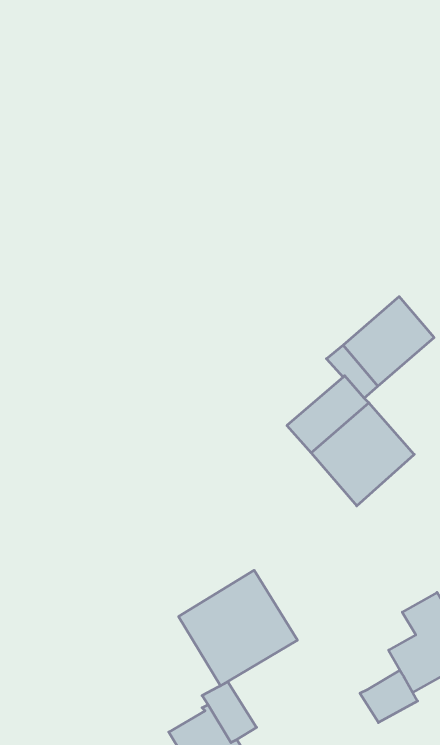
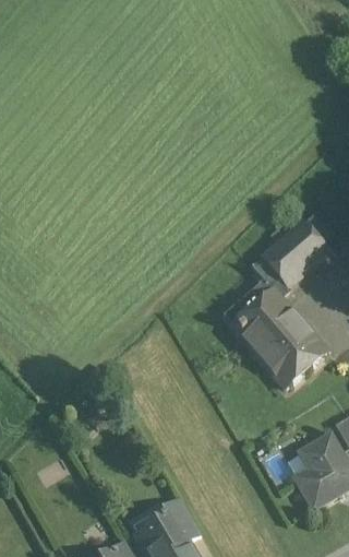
building: none -> [272,334,325,386]
building: [179,570,297,686] -> none
building: [360,671,418,723] -> none

